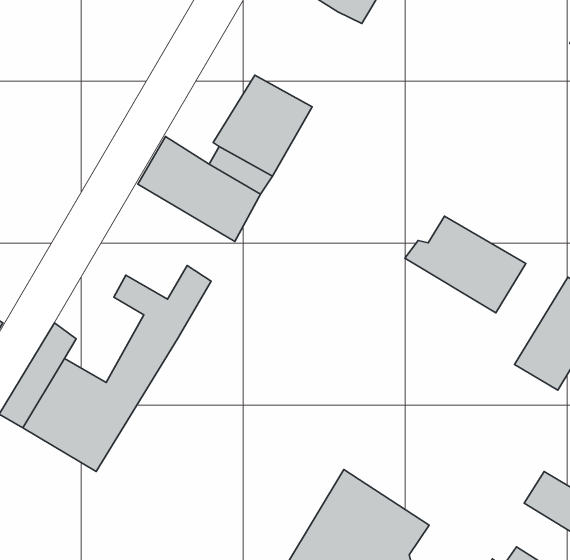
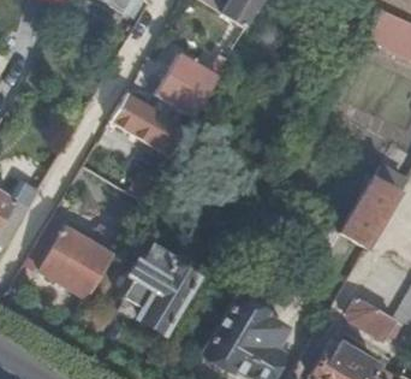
building: [405,216,526,313] -> none
building: none -> [121,245,195,331]

